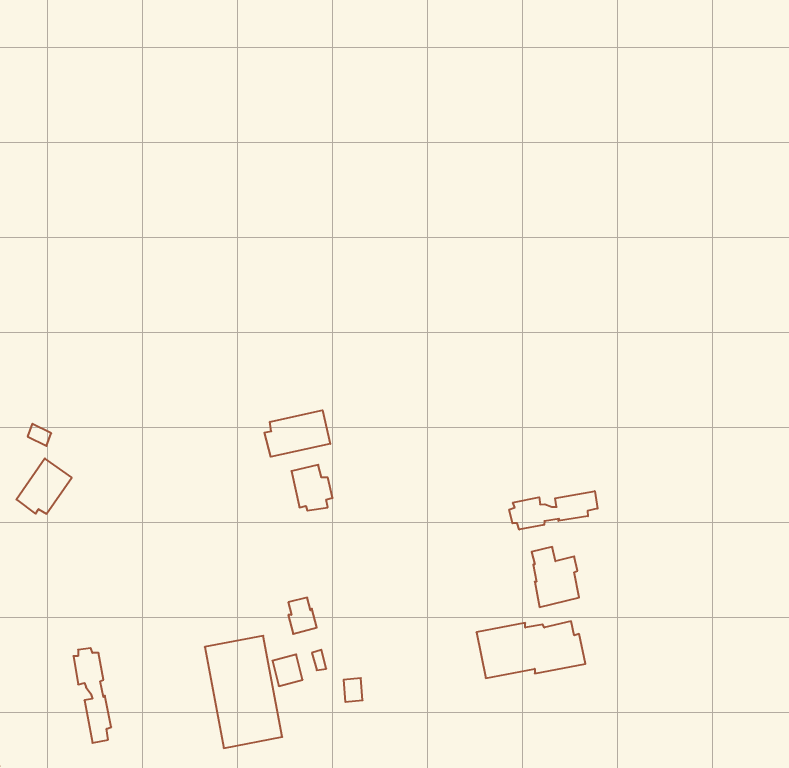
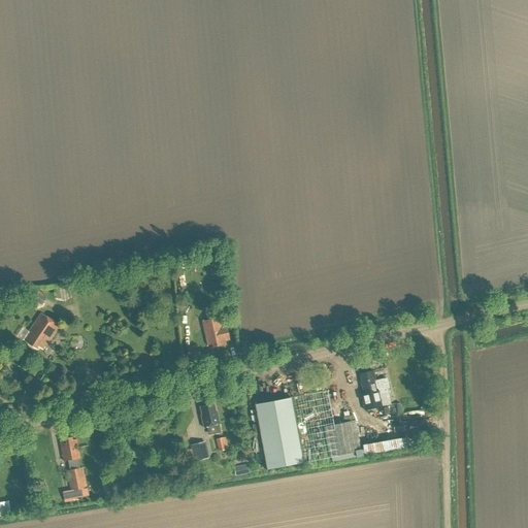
building: [264,410,330,457] -> none
building: [509,491,598,530] -> none
building: [205,636,282,748] -> [254,396,304,469]

